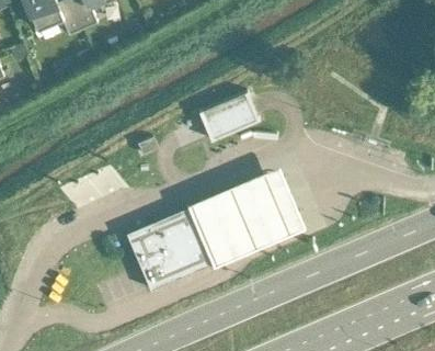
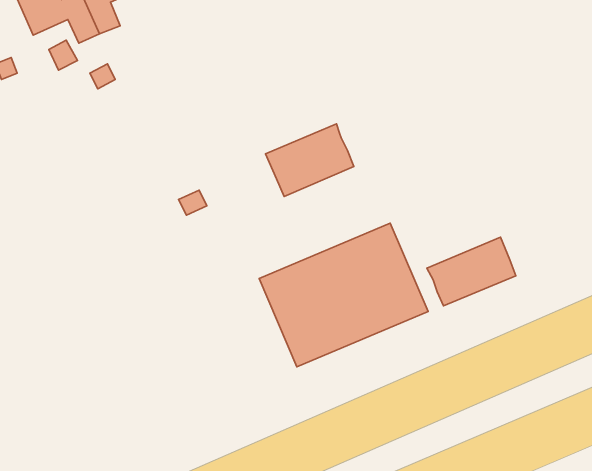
building: none -> [427,237,516,306]
building: [125,205,215,294] -> none

